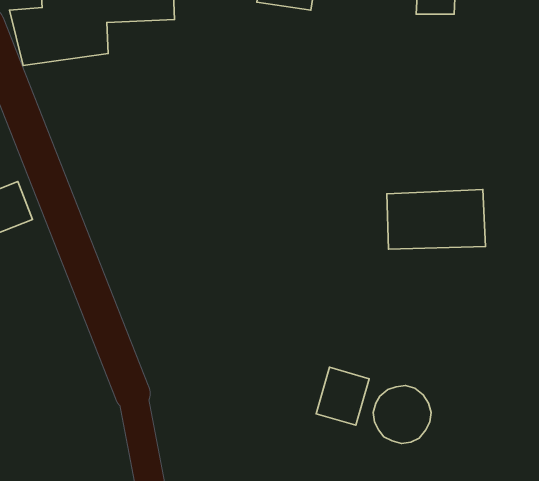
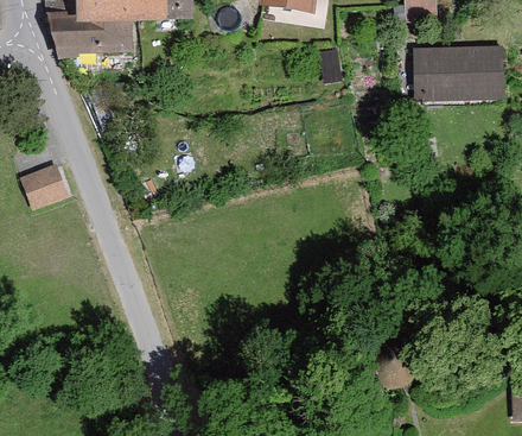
building: [387,190,486,249] -> [416,45,503,97]
building: [316,367,369,425] -> none

